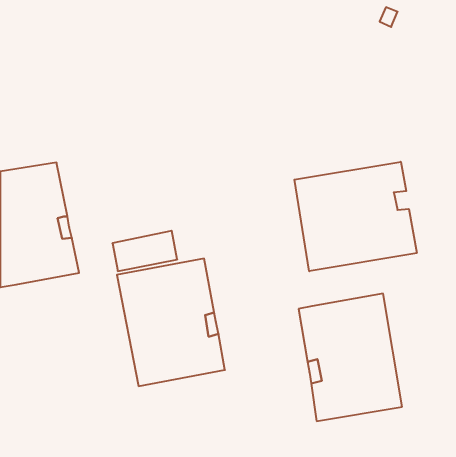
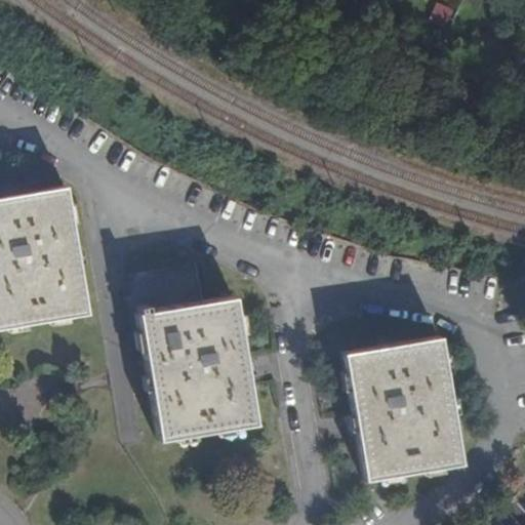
building: [294,162,417,271] -> none

